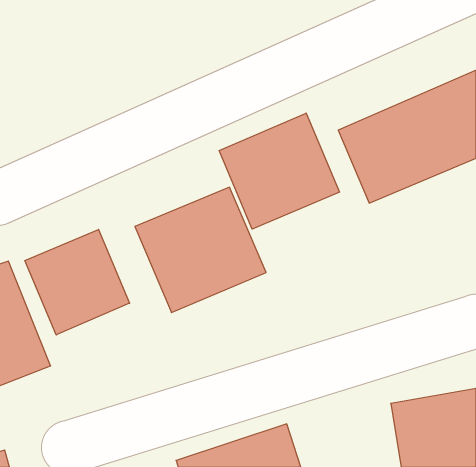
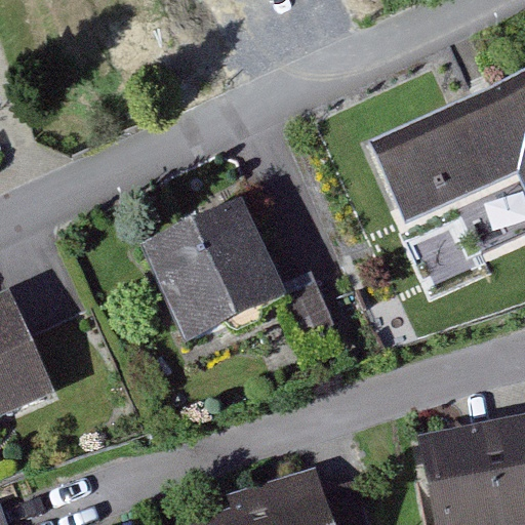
building: [219,113,340,229] -> none
building: [25,229,130,335] -> none

